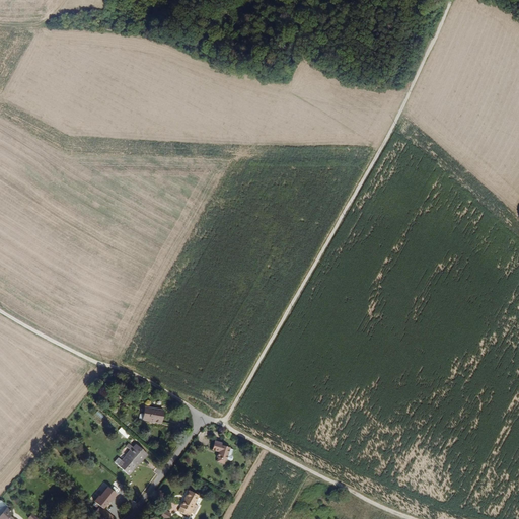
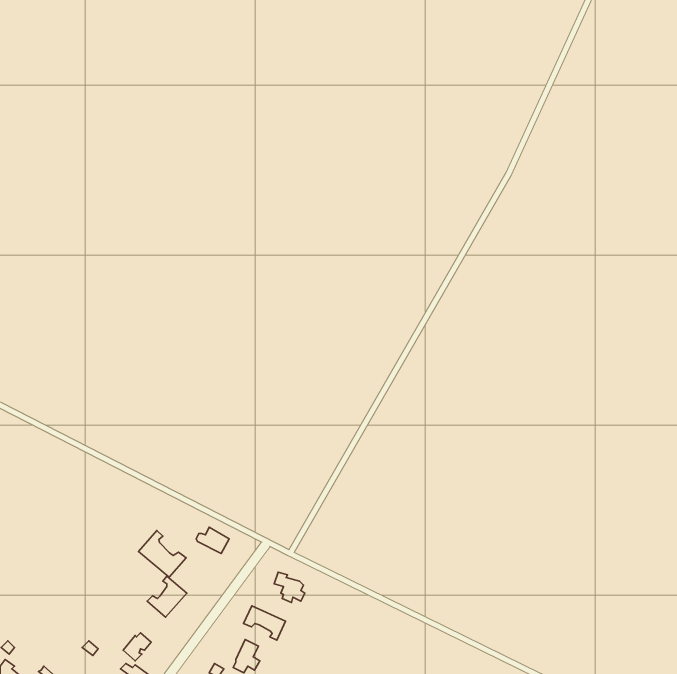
building: none -> [139,530,186,577]
building: none -> [243,606,286,640]

